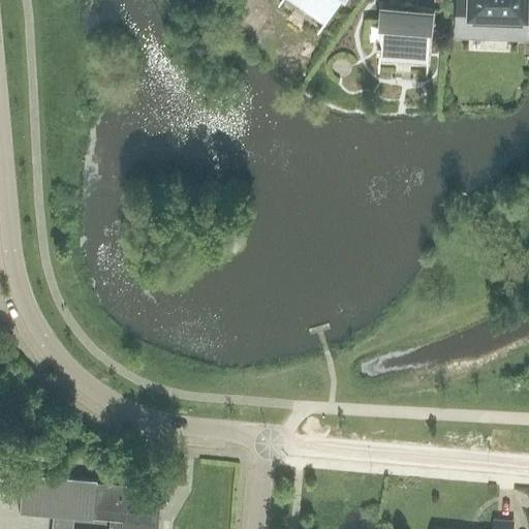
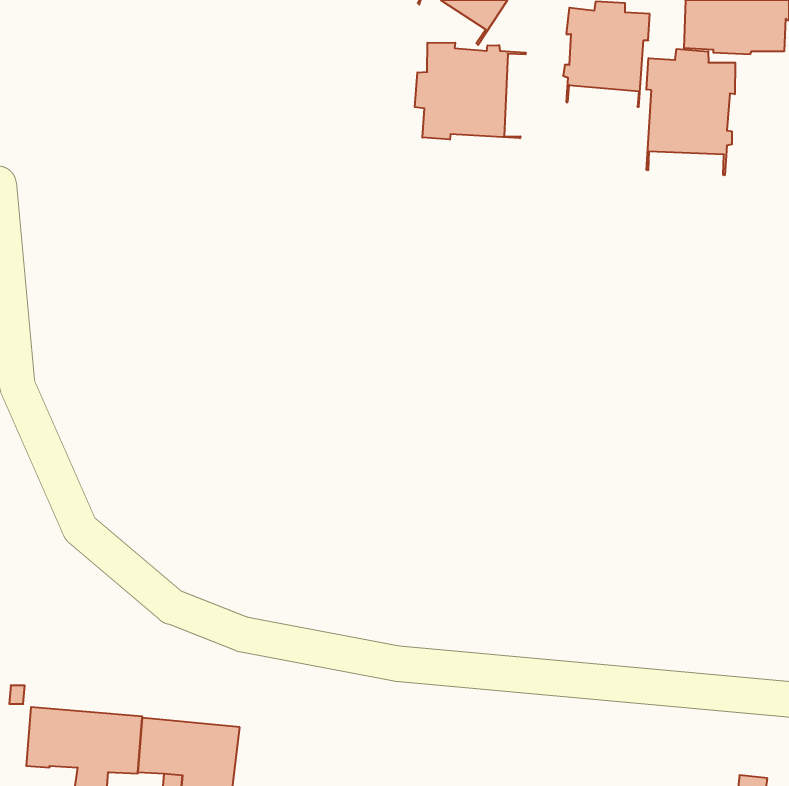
building: none -> [415,43,526,140]
building: none -> [646,49,735,175]

